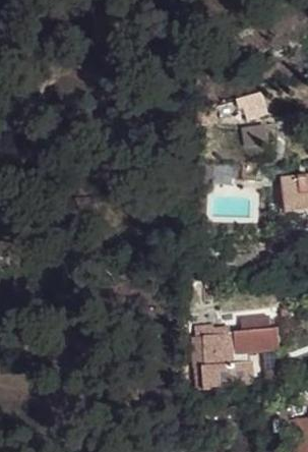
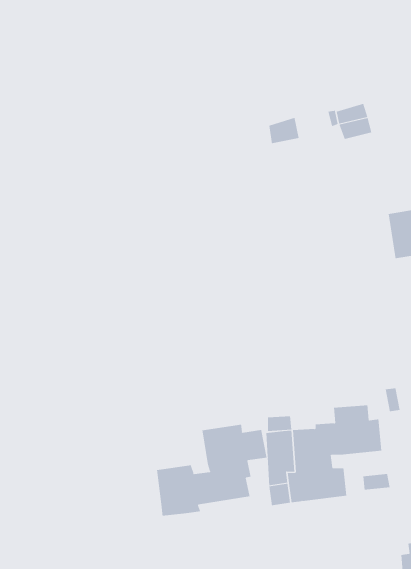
building: none -> [156,424,267,516]

